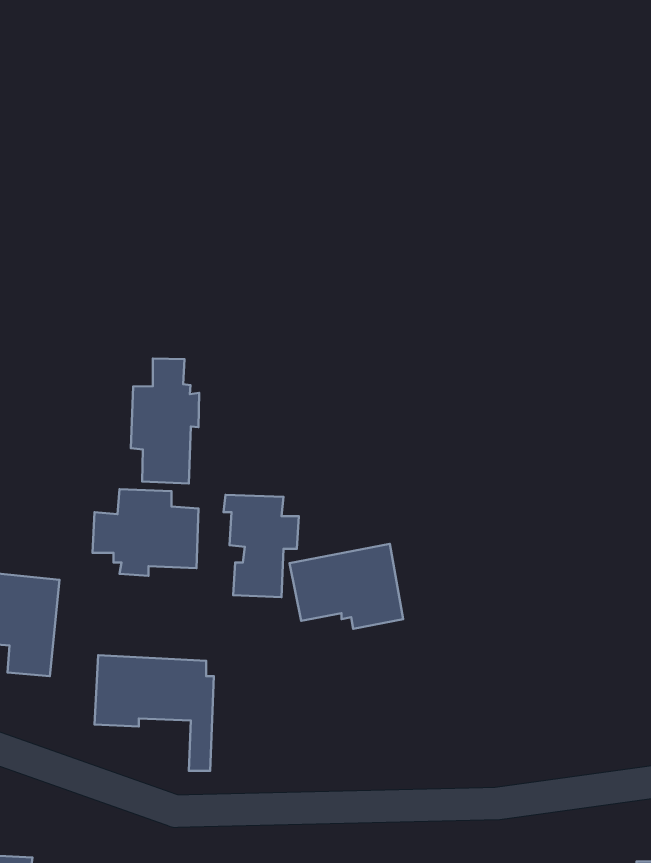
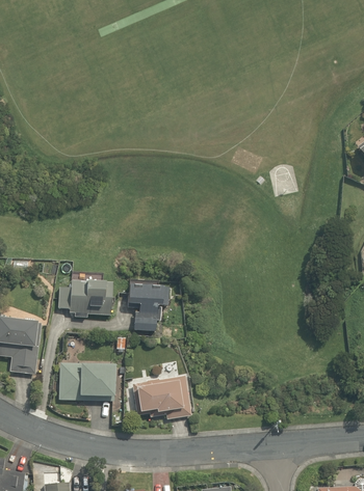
building: [131,359,199,483] -> none
building: [289,544,403,629] -> [131,374,192,419]

